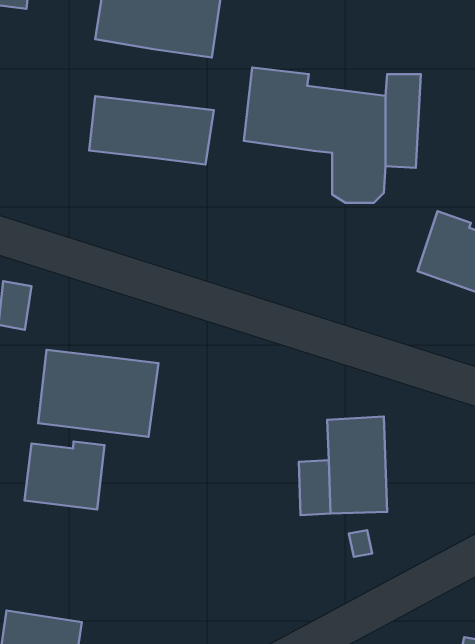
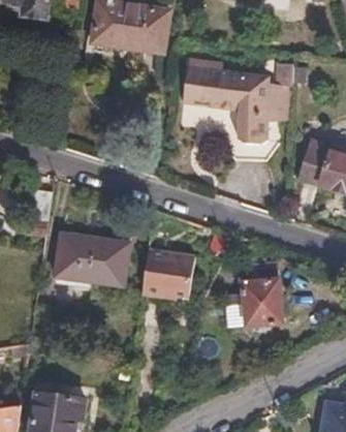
building: [89,96,214,164] -> none
building: none -> [146,249,199,298]
building: [25,441,105,509] -> none

